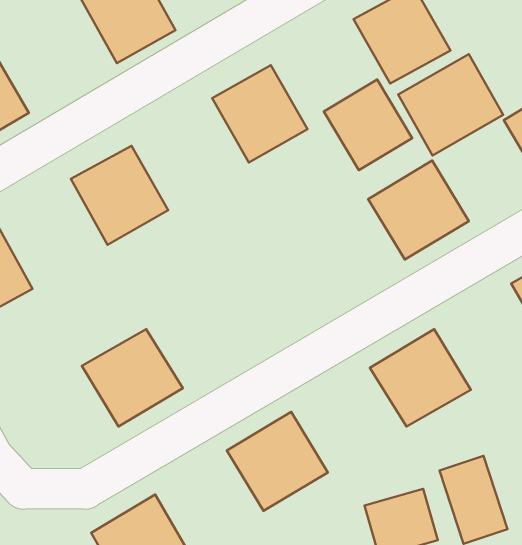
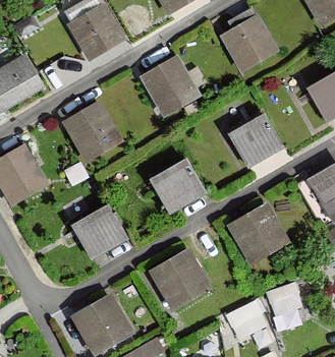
building: [398,54,503,155] -> none
building: [324,79,412,170] -> none
building: none -> [151,161,207,215]

